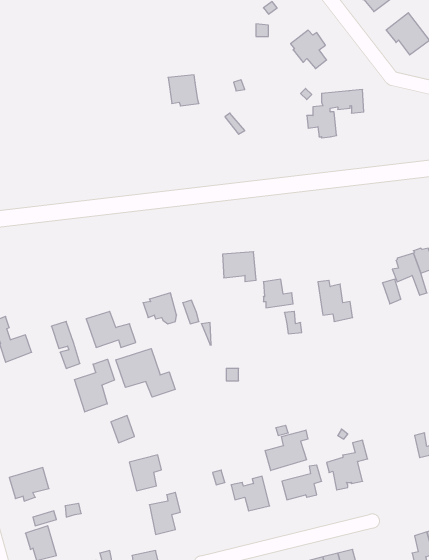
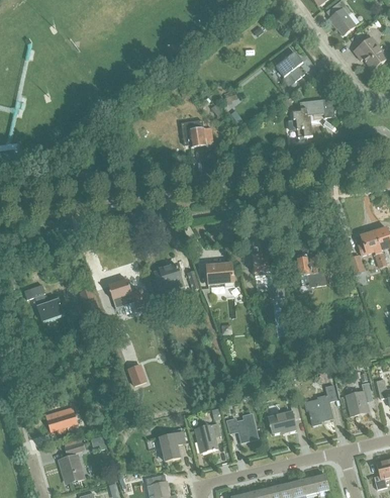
building: [168,75,199,106] -> [180,121,205,146]
building: [223,252,256,282] -> [206,263,233,287]
building: [116,349,175,397] -> none
building: [74,359,114,412] -> none
building: [265,430,308,471] -> none
building: none -> [344,381,372,415]
building: [129,455,161,491] -> [194,422,220,452]

